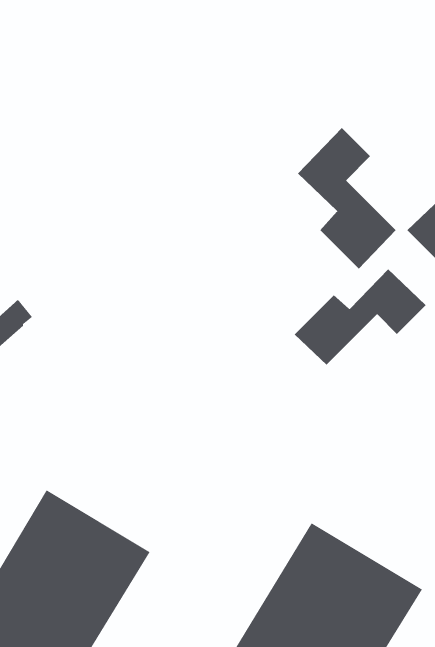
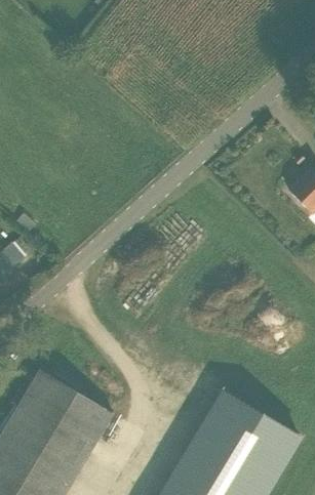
building: [297,127,397,270] -> none
building: [294,268,427,366] -> none

